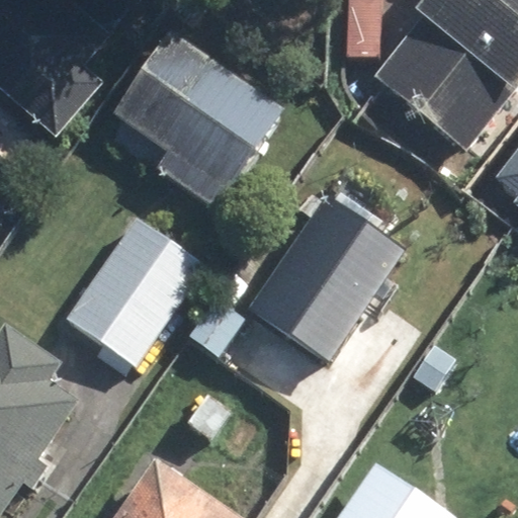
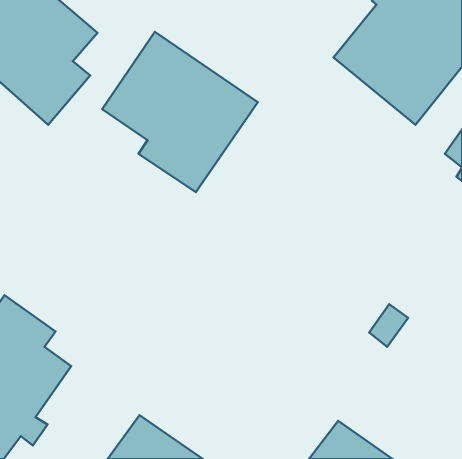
building: [246,188,404,357] -> none
building: [67,218,207,368] -> none

